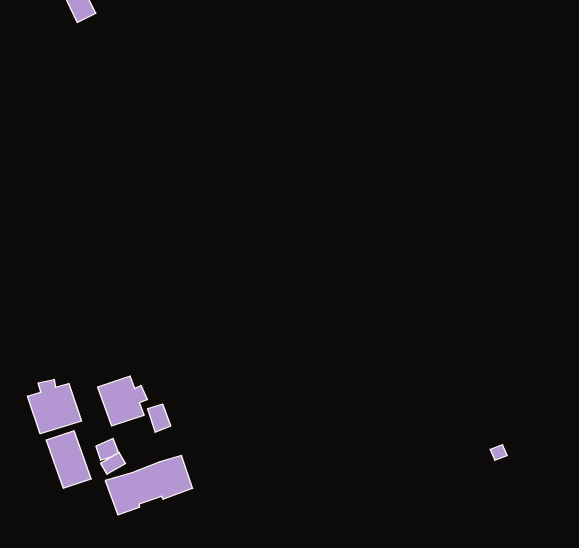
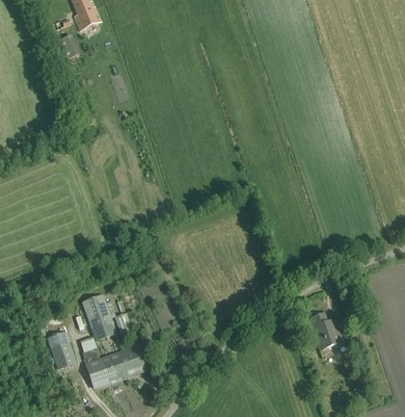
building: [27,379,81,434] -> none
building: none -> [308,314,343,350]

